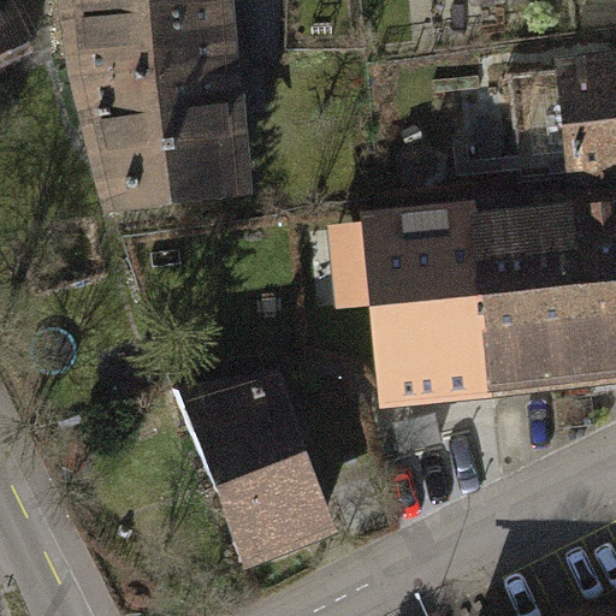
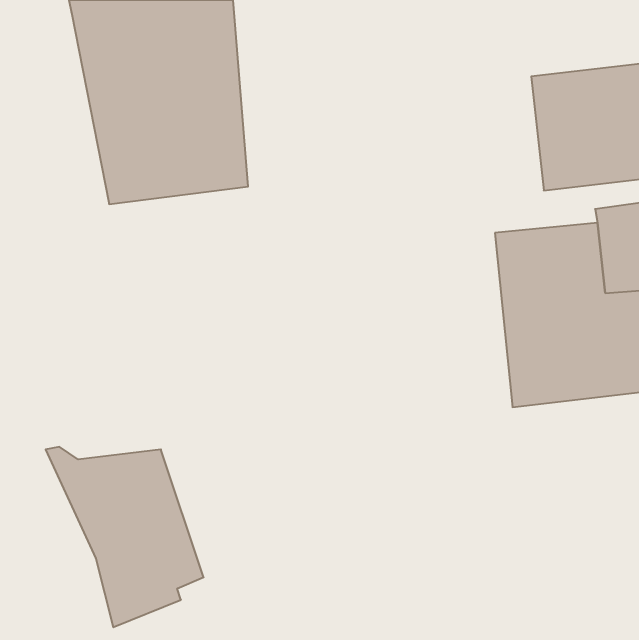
building: [356,209,493,401] -> none
building: [176,387,327,561] -> [46,447,204,627]

